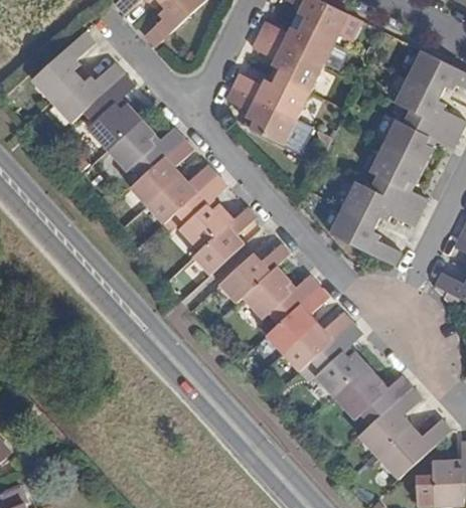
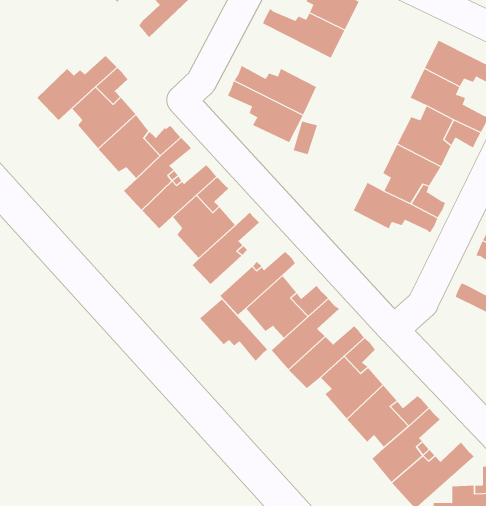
building: [29,30,95,103] -> none
building: [252,34,321,93] -> none
building: [329,206,401,268] -> none
building: none -> [199,298,268,361]

